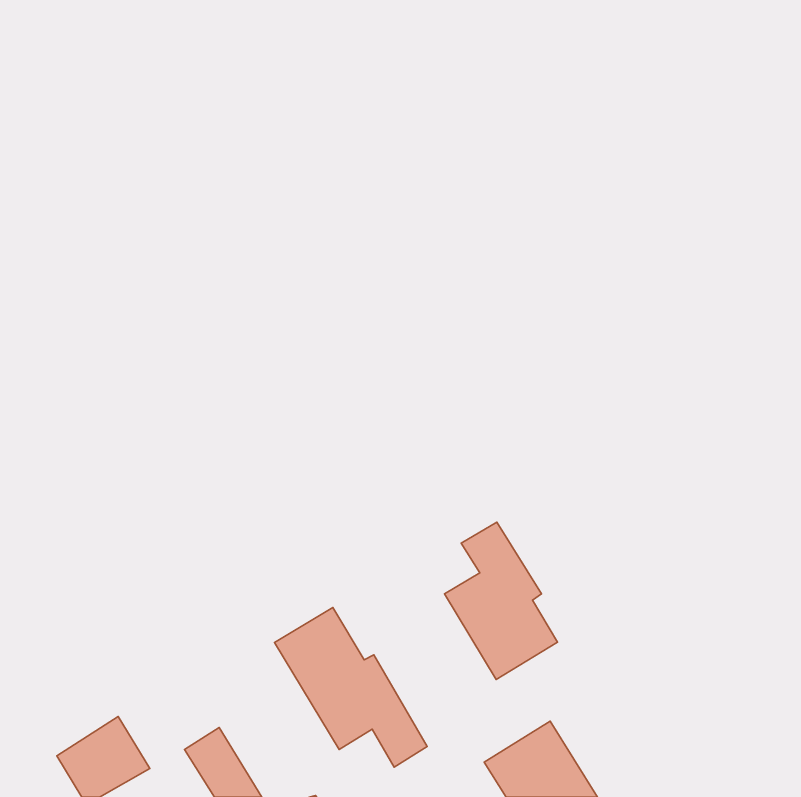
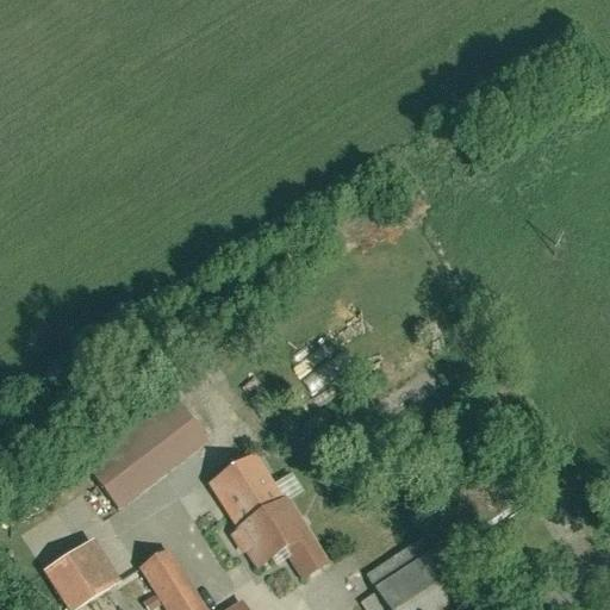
building: [444,522,557,679] -> none
building: none -> [92,400,206,503]

